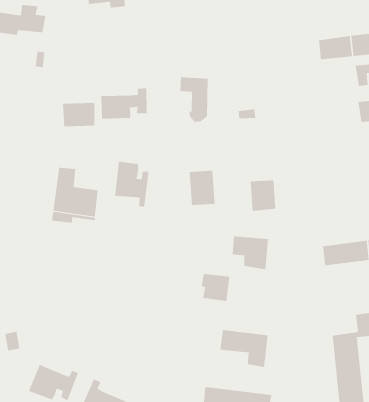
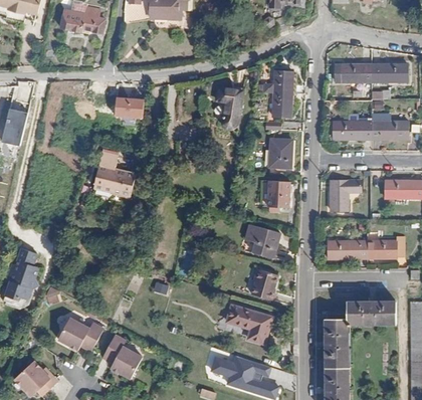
building: none -> [265,68,291,114]
building: [101,87,147,119] -> none
building: none -> [332,122,369,140]
building: [114,161,149,208] -> none
building: [189,170,216,205] -> [268,137,290,167]
building: none -> [329,181,360,211]
building: [201,273,230,301] -> [250,267,276,293]

